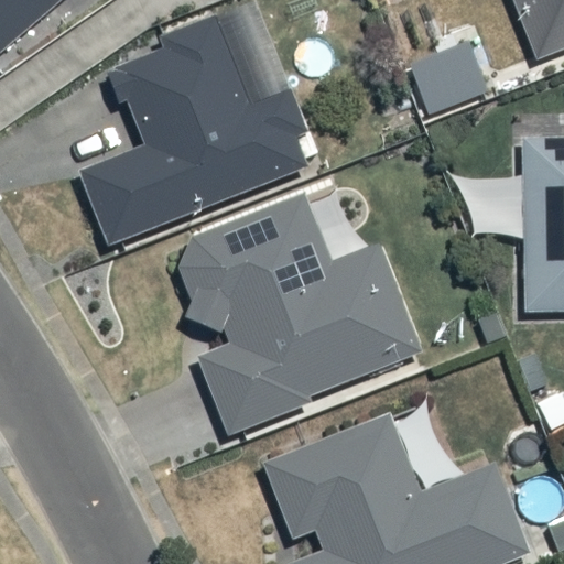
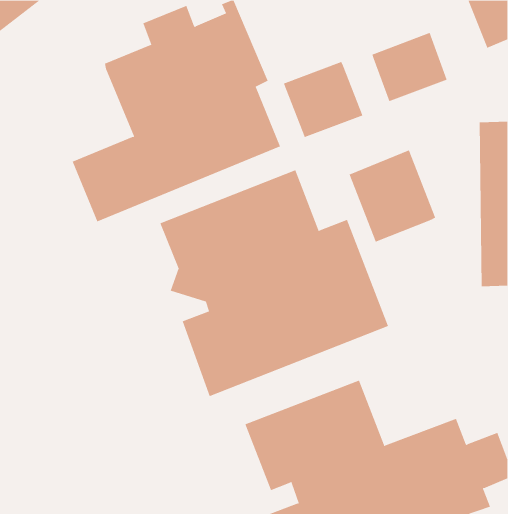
building: none -> [283,61,363,138]
building: none -> [349,150,436,243]

